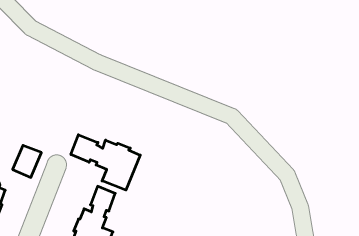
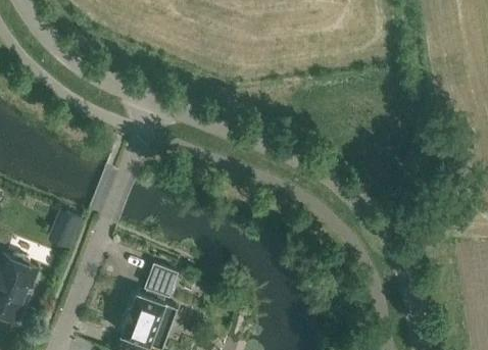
building: [71,135,140,190] -> none

